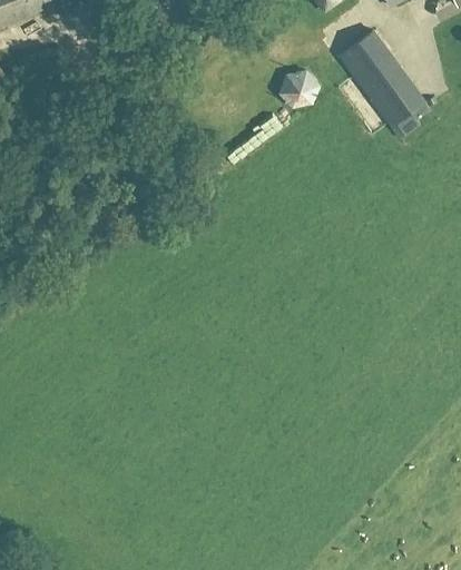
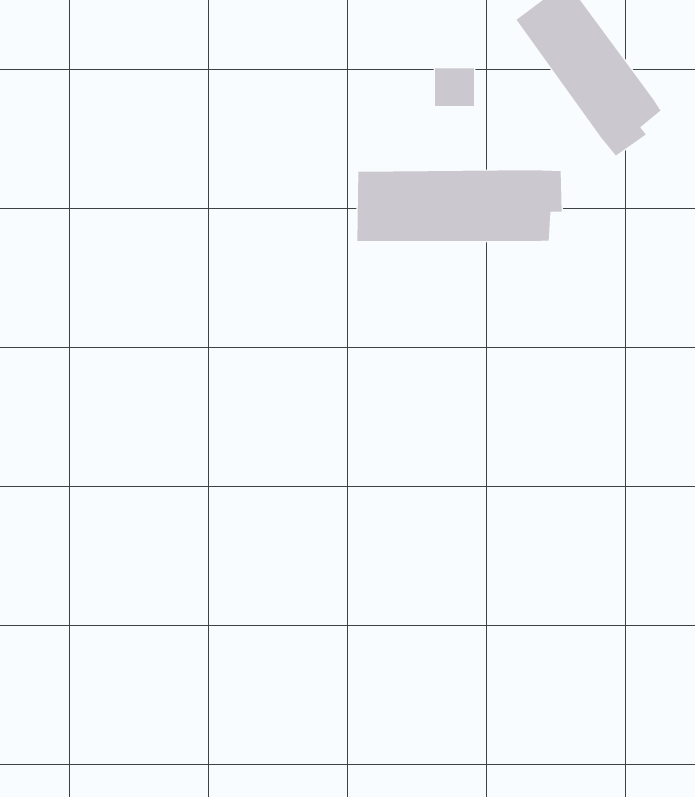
building: none -> [357,169,562,242]

